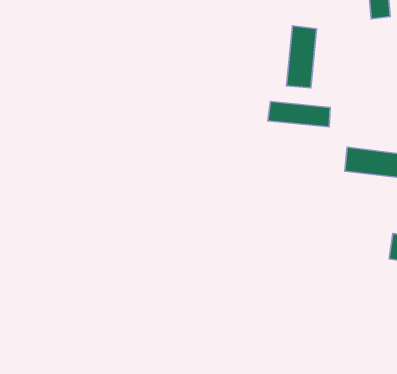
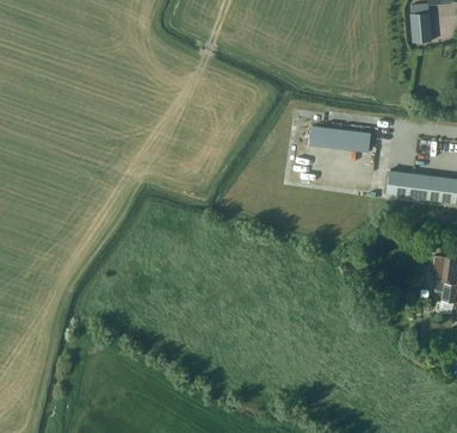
building: [287,26,316,88] -> none

